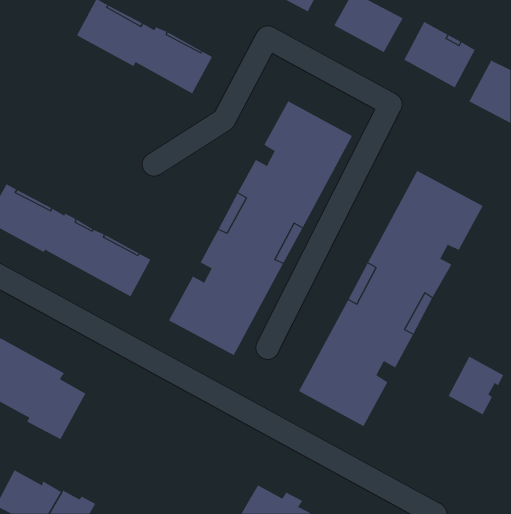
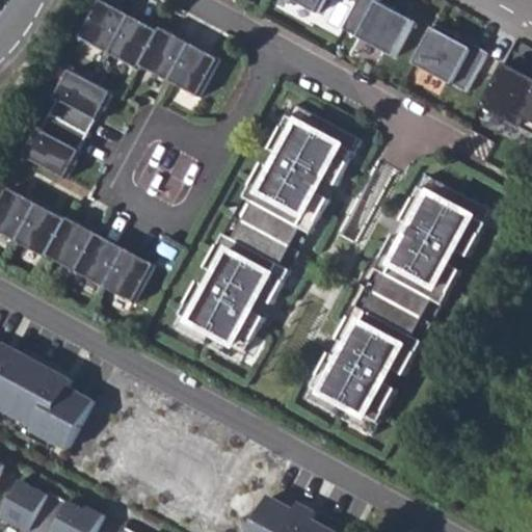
building: none -> [22,70,110,179]
building: [448,356,504,415] -> none

